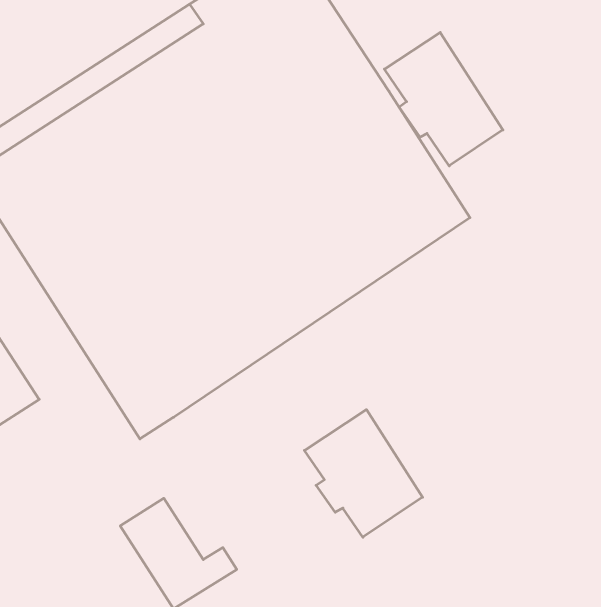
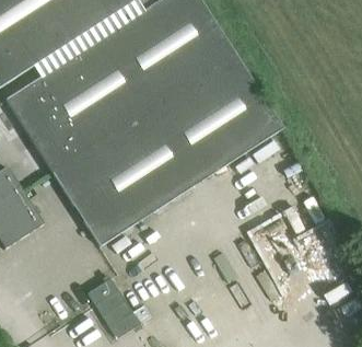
building: [384,32,503,166] -> none
building: [304,410,423,537] -> none

